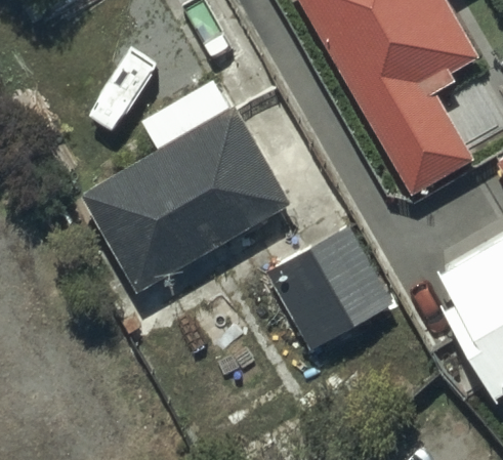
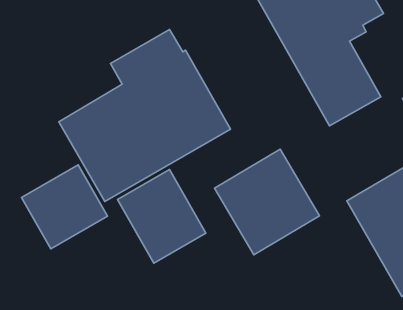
building: none -> [22,165,107,249]
building: none -> [117,170,206,263]

